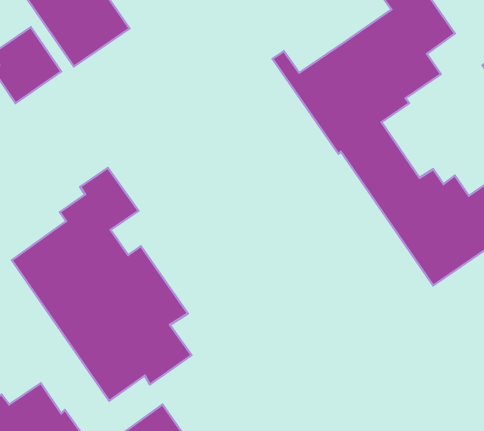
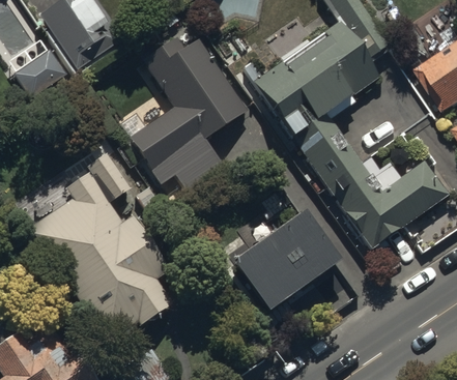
building: none -> [127,35,248,193]
building: none -> [232,214,341,317]

